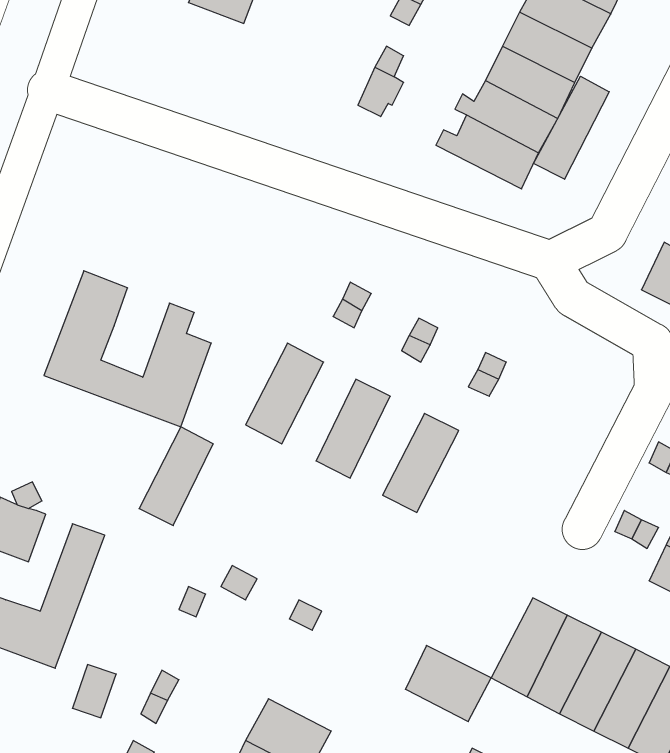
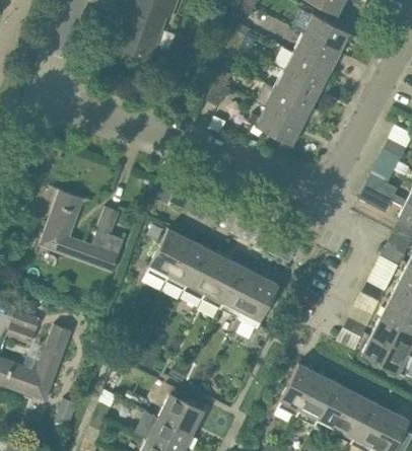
building: [534,76,609,179] -> none
building: none -> [202,256,242,309]
building: [139,427,213,526] -> [165,238,205,291]
building: none -> [237,275,279,327]
building: [405,645,491,722] -> [158,394,204,435]

